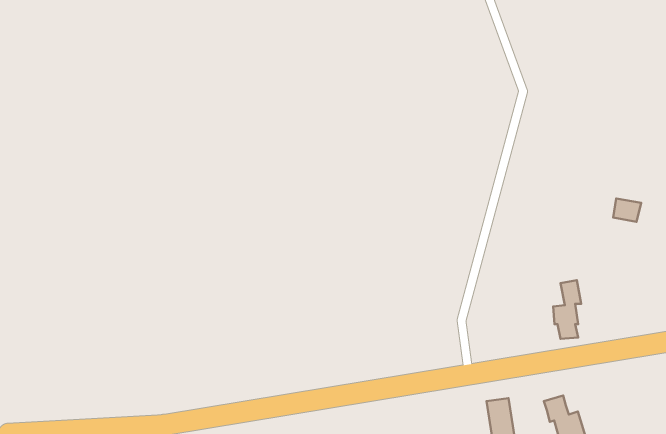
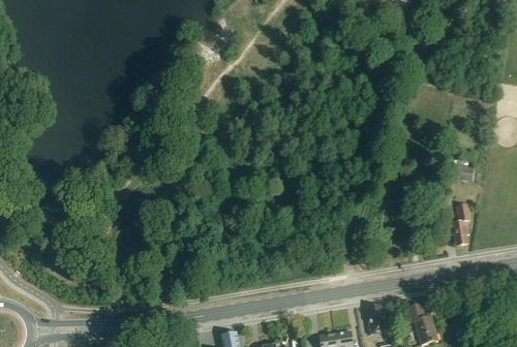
building: [553,280,581,339] -> [451,206,470,247]

